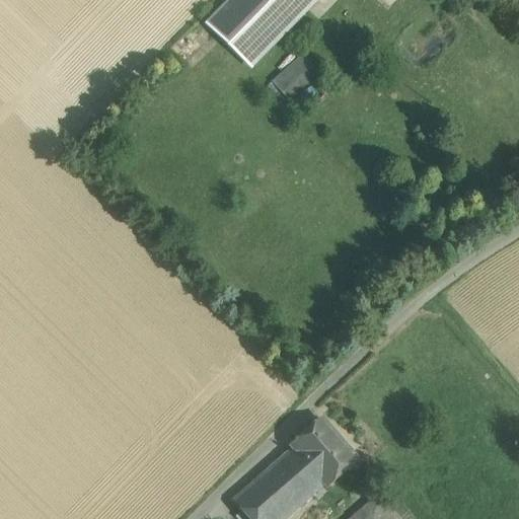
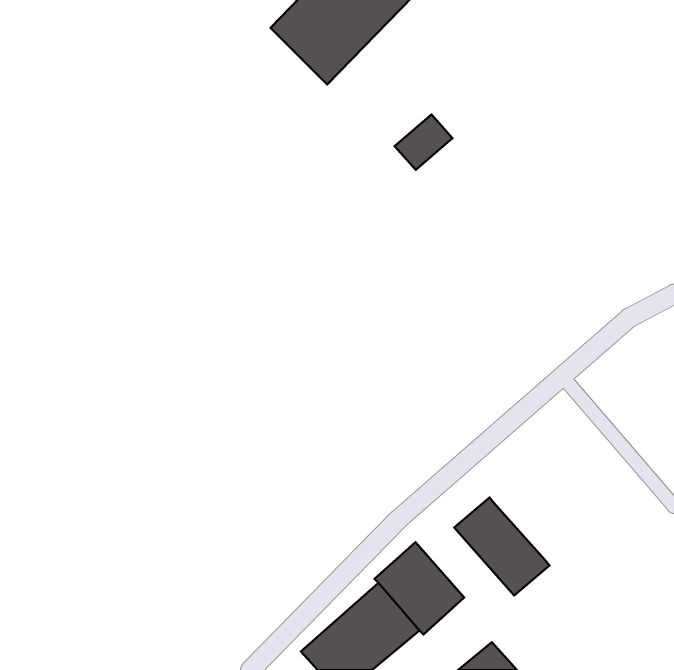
building: [272,56,316,98] -> [395,114,453,170]
building: none -> [454,497,549,595]

